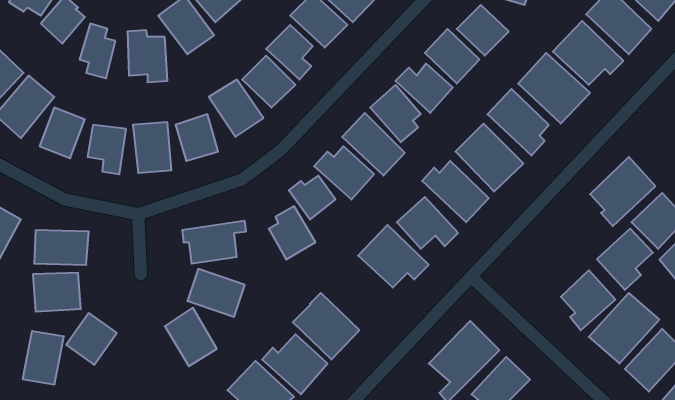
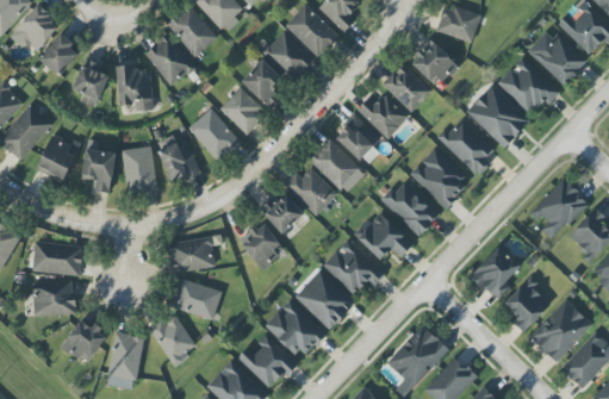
building: [597,229,653,290] -> [471,245,521,300]
building: none -> [294,269,355,330]
building: [23,331,64,384] -> [107,332,144,380]

